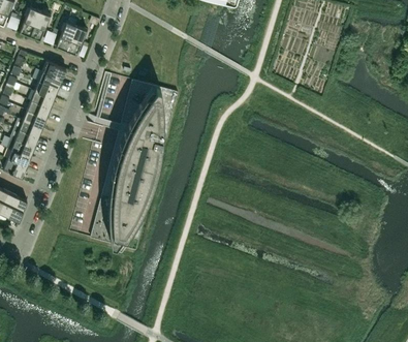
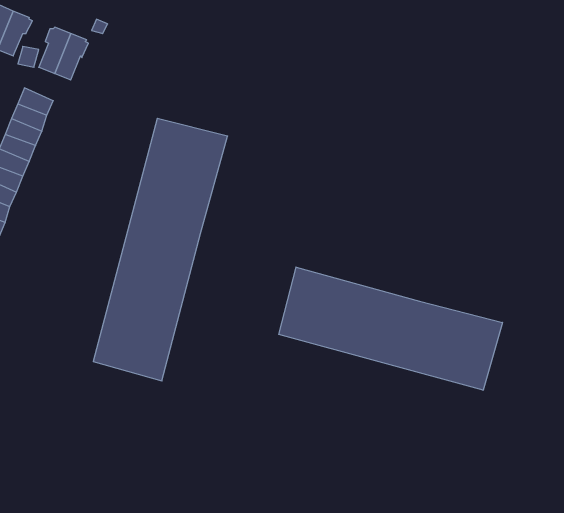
building: none -> [279,267,502,390]

